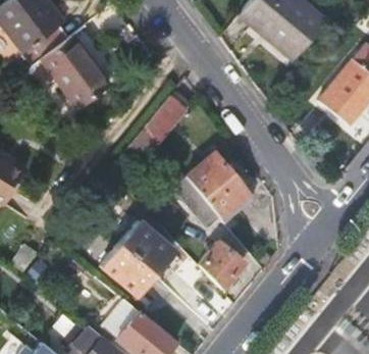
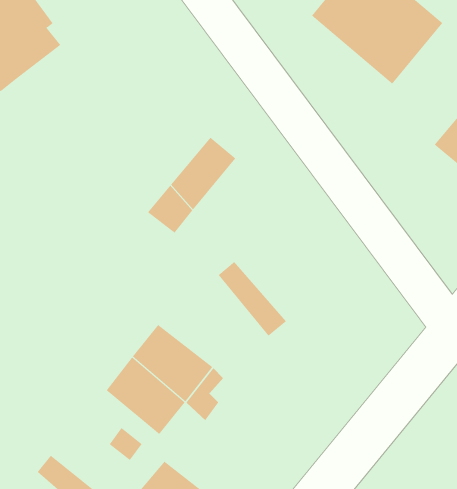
building: [40,34,108,107] -> none
building: [186,155,248,218] -> none
building: [199,243,244,291] -> none

